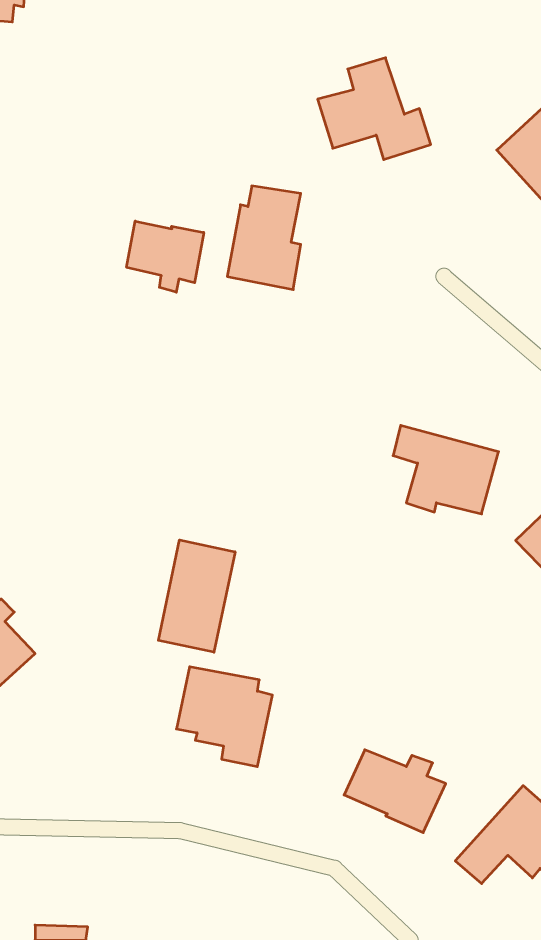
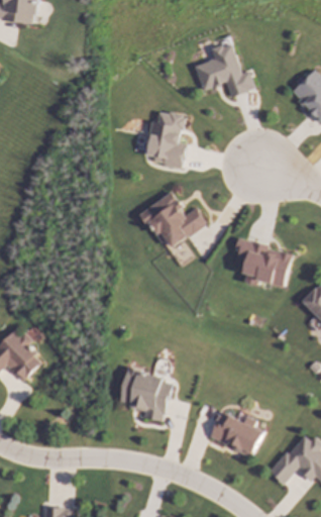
building: [127,221,204,292] -> none
building: none -> [141,192,206,250]
building: [158,540,235,652] -> none

